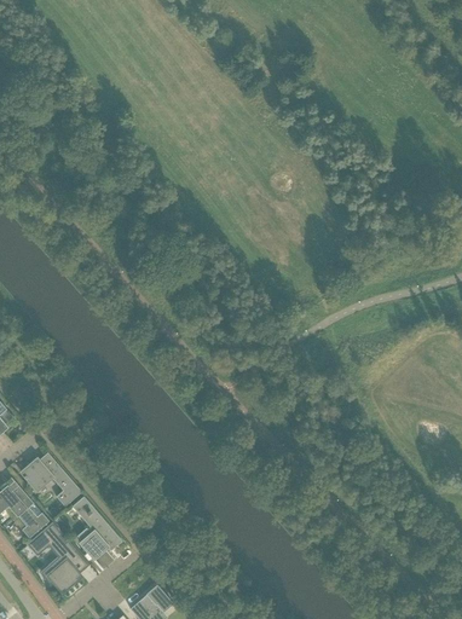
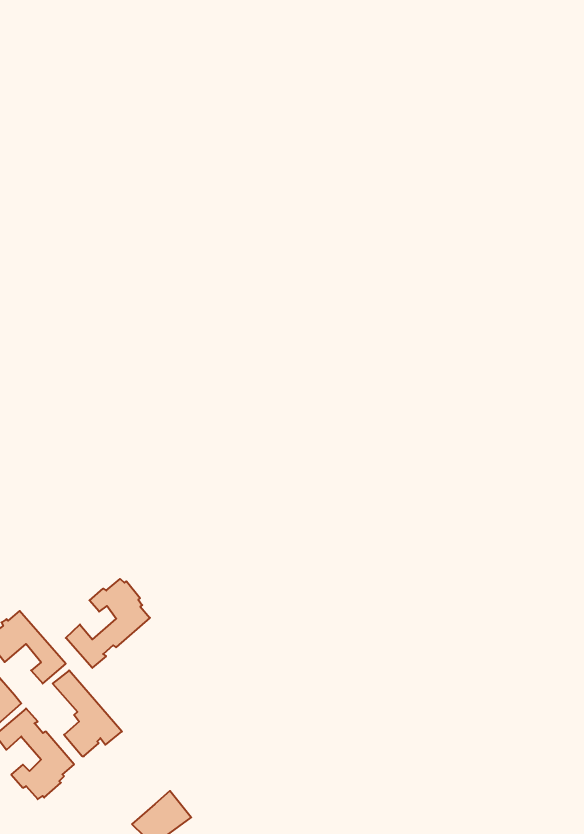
building: none -> [66,579,150,668]

